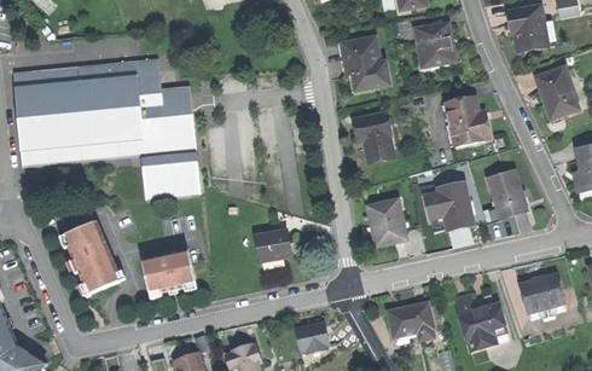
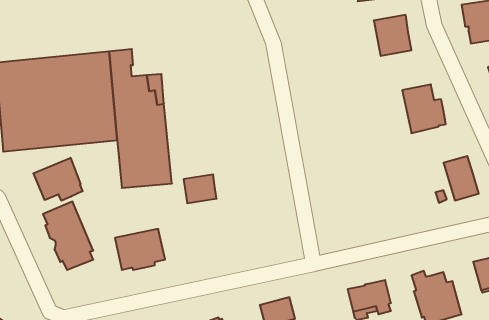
building: [339,35,388,89] -> none
building: [353,111,391,161] -> none
building: none -> [33,158,83,201]
building: [424,182,471,230] -> none
building: [366,199,405,245] -> none
building: [254,230,289,260] -> [184,175,217,203]

